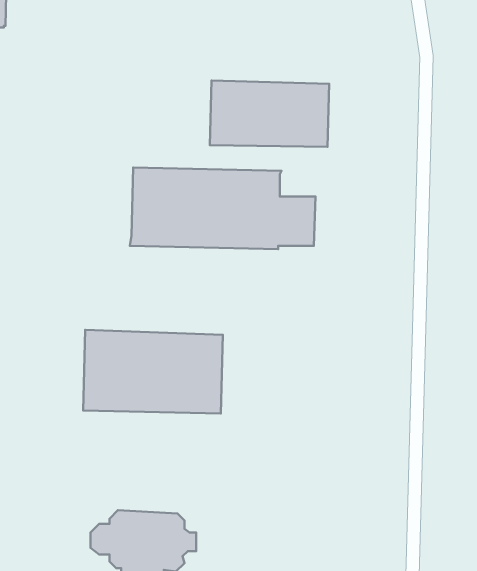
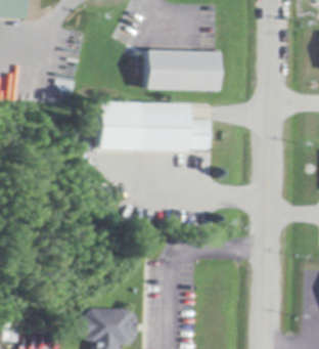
building: [83,330,223,413] -> none

